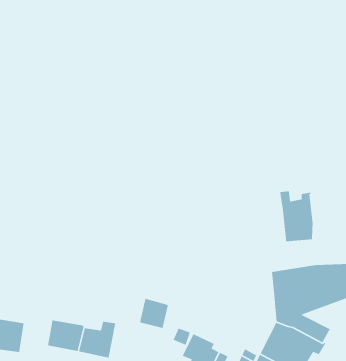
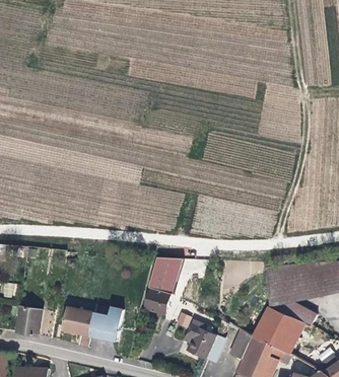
building: [280,191,314,242] -> none
building: none -> [150,255,184,292]

